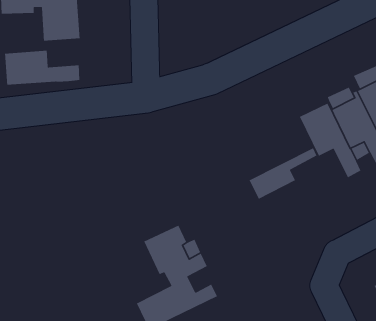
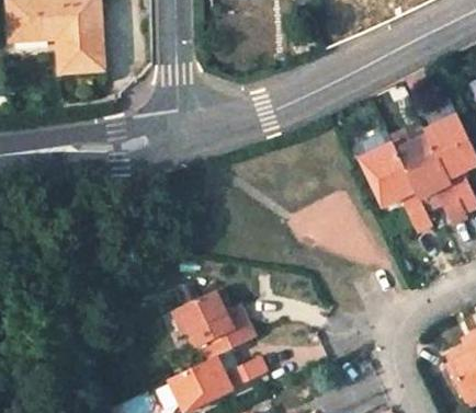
building: [4,50,80,86] -> none
building: [248,147,317,200] -> none

